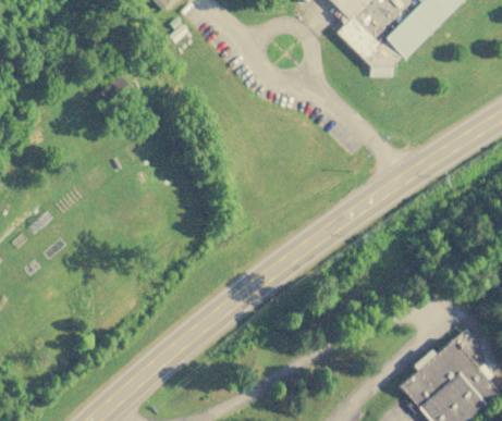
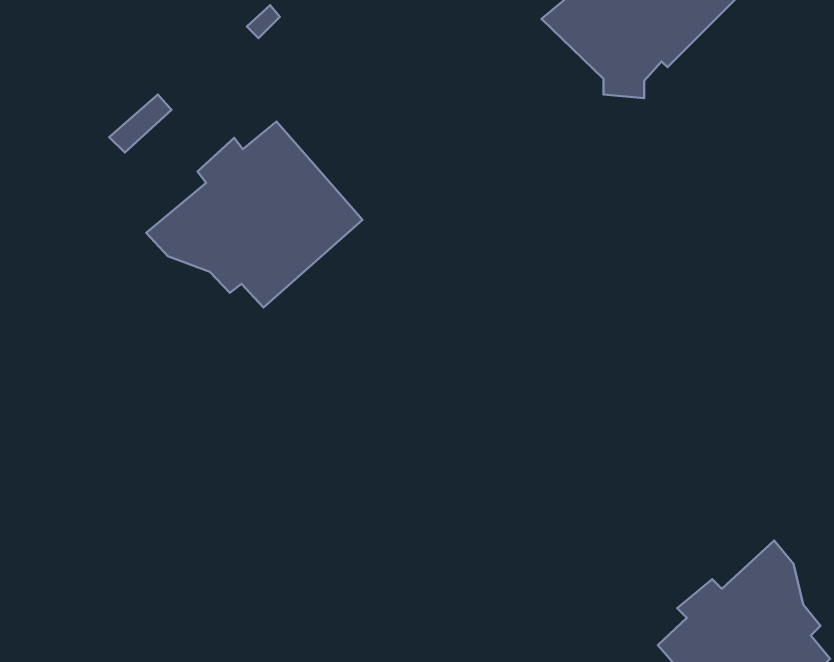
building: none -> [146,122,363,307]

